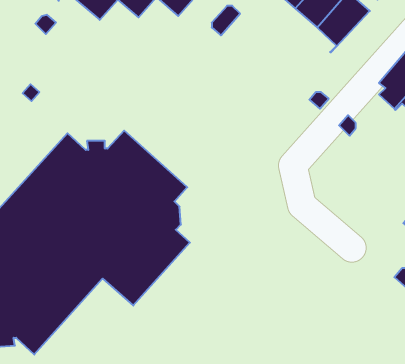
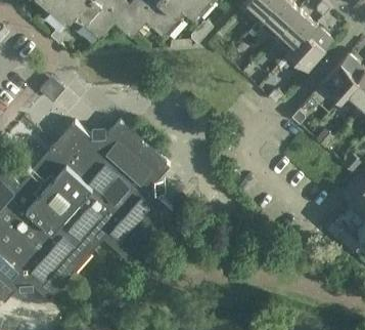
building: none -> [284,26,331,70]

